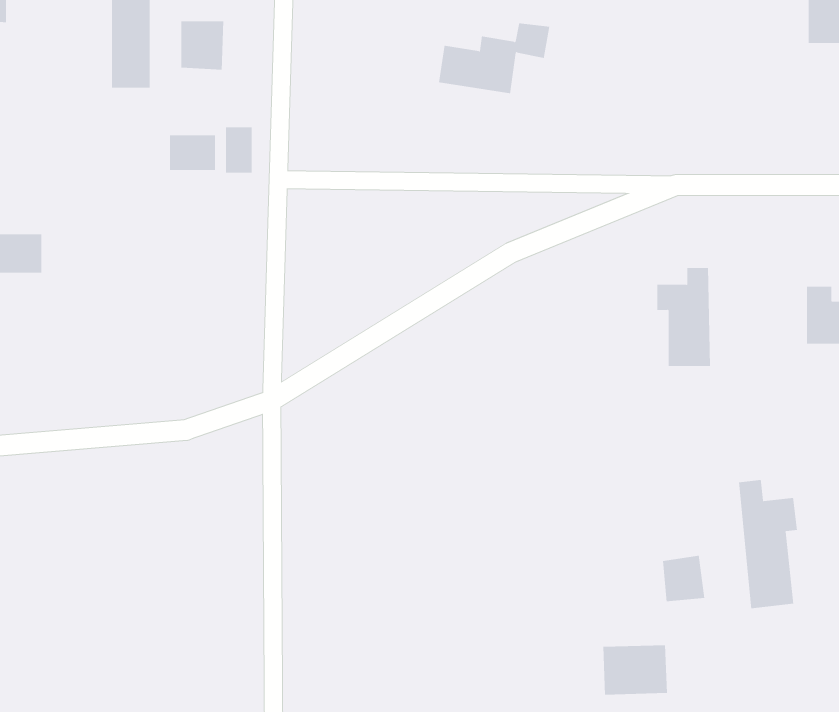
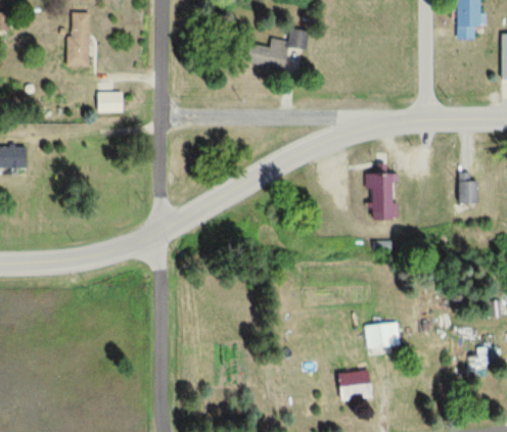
building: [181,20,224,71] -> none
building: [225,127,252,173] -> none
building: [739,479,797,609] -> none

